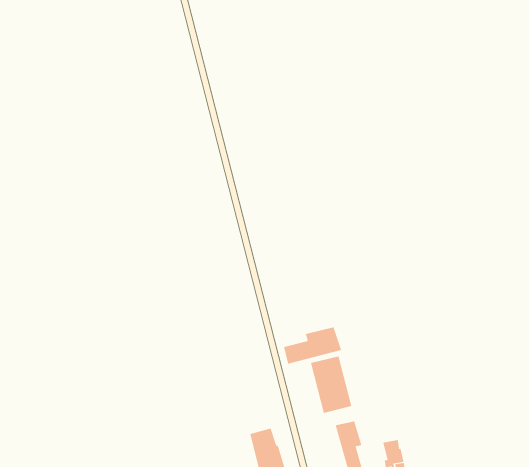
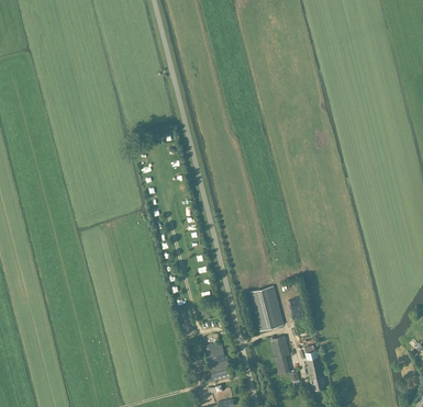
building: [283,326,342,364] -> none

